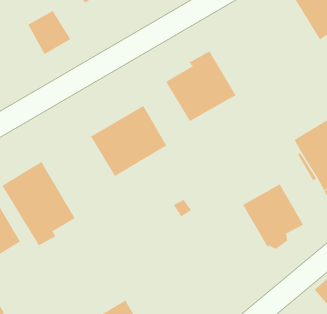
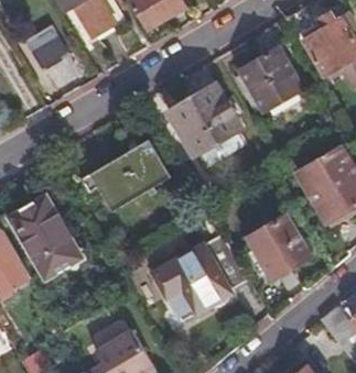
building: none -> [239,46,302,121]
building: none -> [151,234,245,315]

